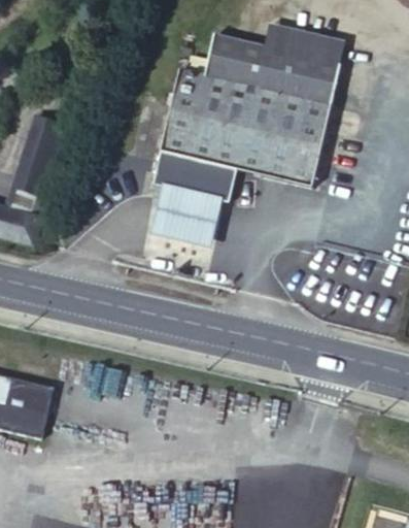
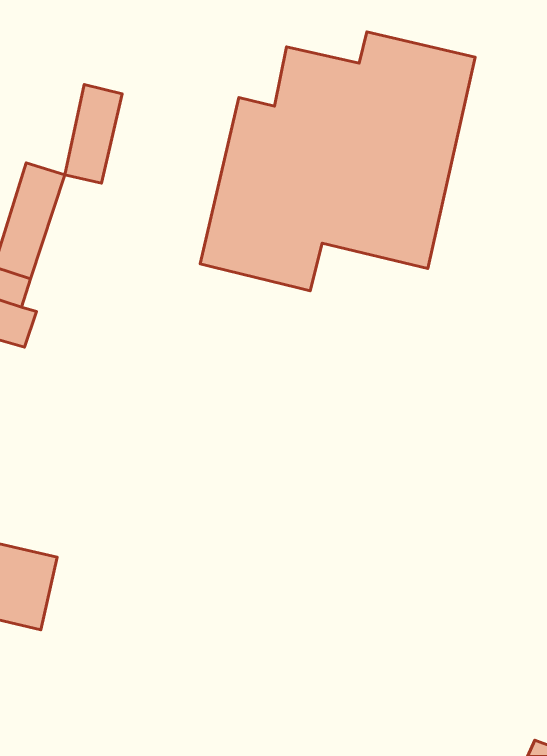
building: none -> [65,85,122,183]
building: [150,186,221,249] -> none

